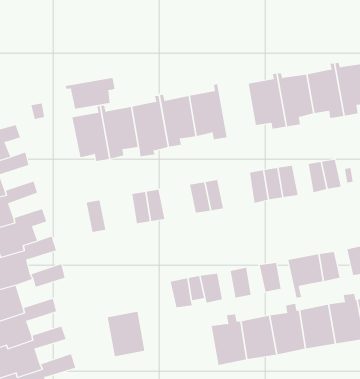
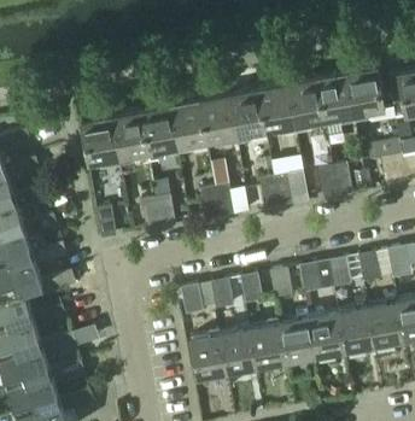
building: [65,77,115,110] -> none
building: none -> [228,88,265,142]
building: [107,311,145,357] -> [189,332,228,378]

